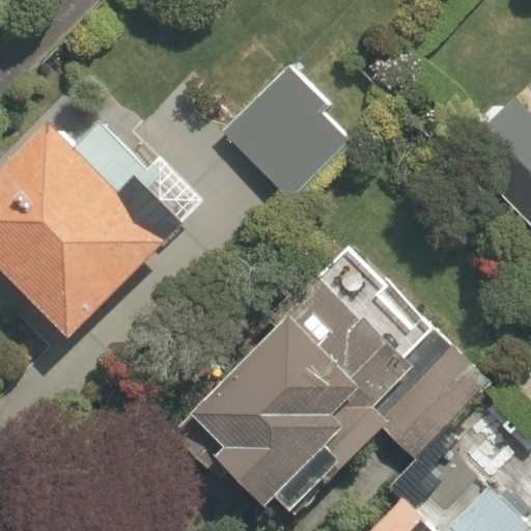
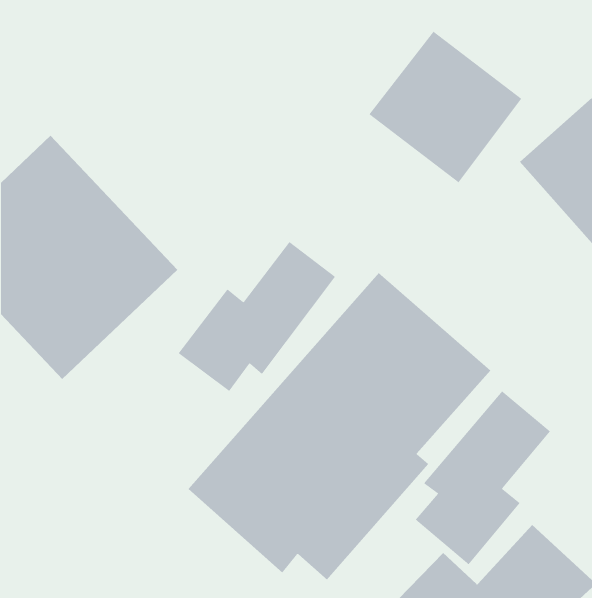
building: [221,81,357,216] -> [369,31,522,183]
building: none -> [178,241,336,392]

